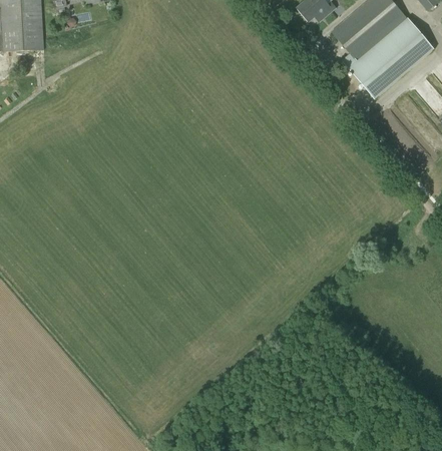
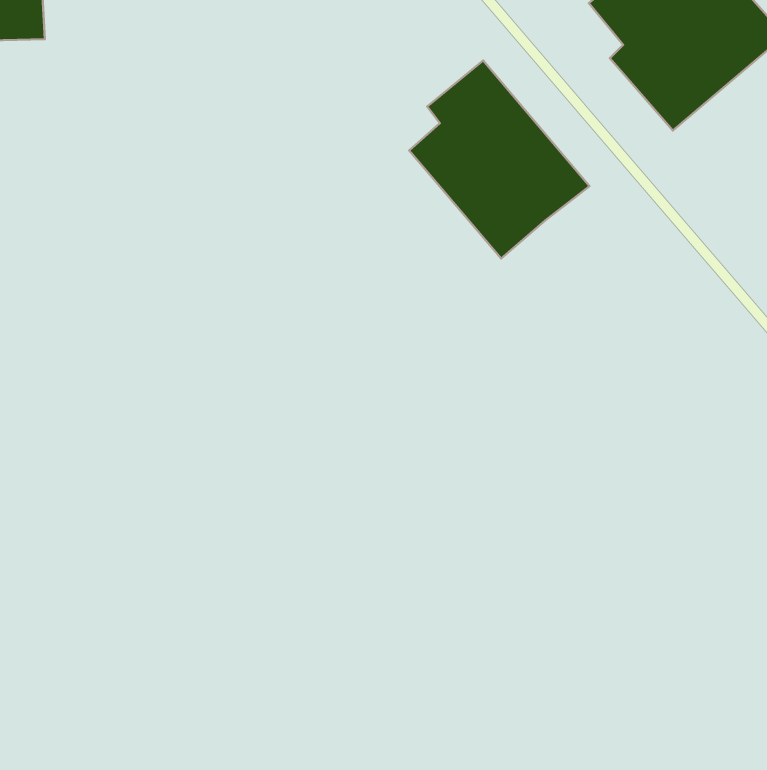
building: none -> [409,61,589,259]

